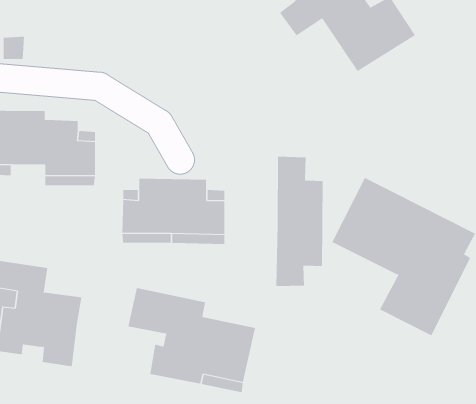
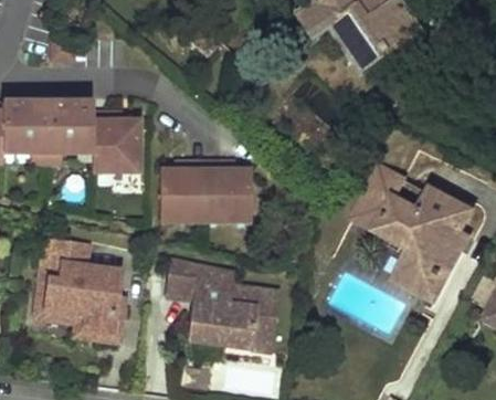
building: [276,156,323,287] -> none
building: none -> [67,295,128,343]

